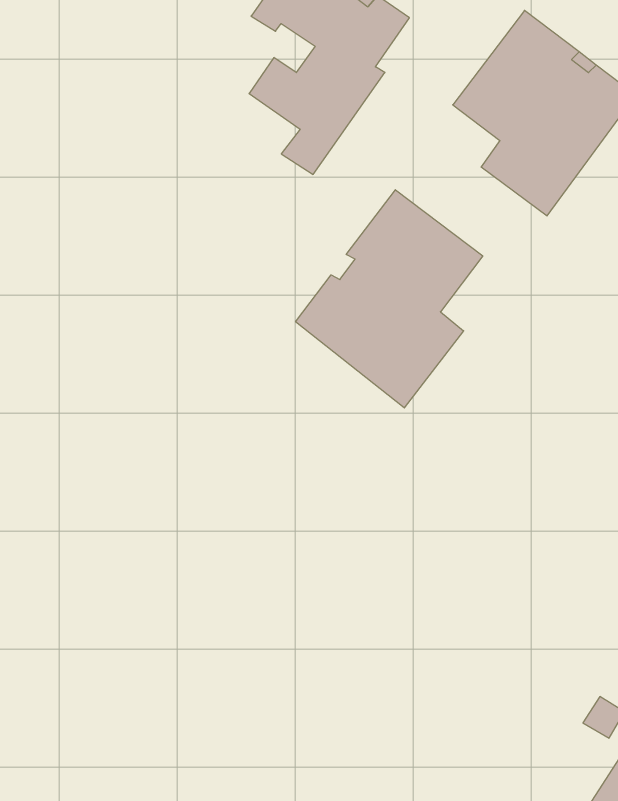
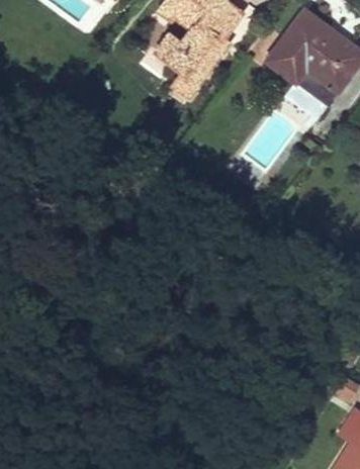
building: [296,190,483,408] -> none

